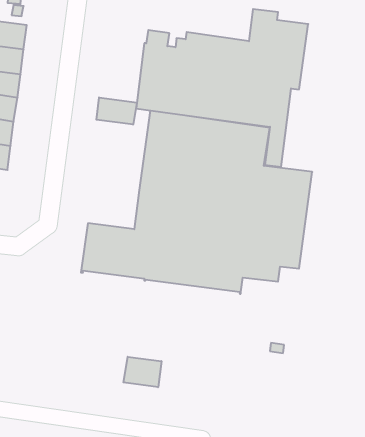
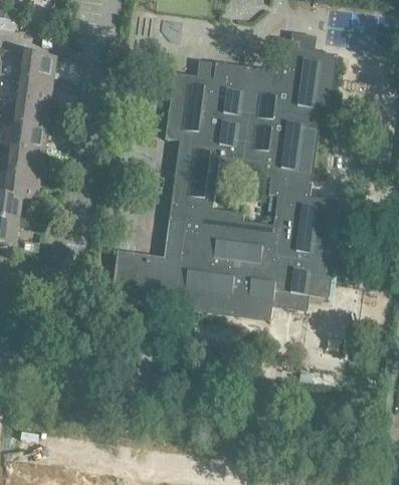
building: [96,97,137,125] -> none
building: [123,357,161,387] -> none

